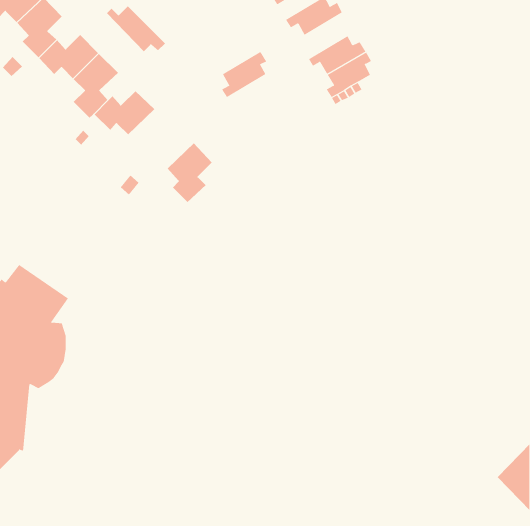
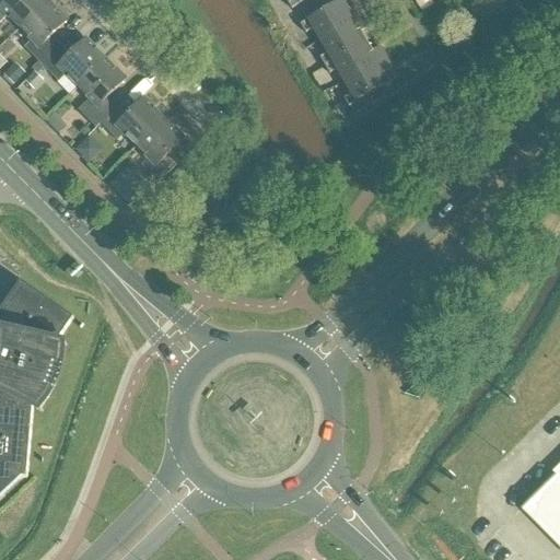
building: [106,6,166,52] -> none
building: [221,51,267,98] -> [318,13,366,62]
building: [167,143,213,203] -> [135,115,183,178]

